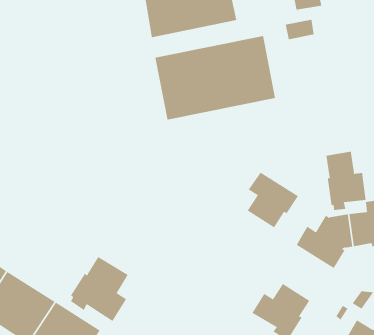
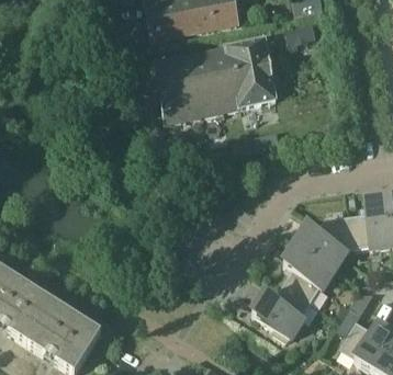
building: [326,151,366,211] -> none
building: [247,172,299,228] -> [283,246,335,302]
building: [70,256,128,322] -> none

